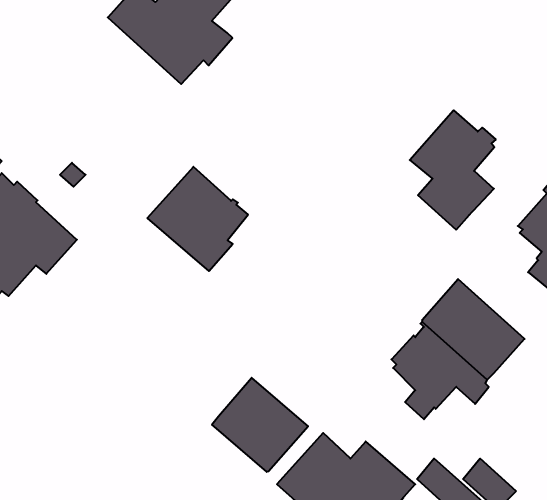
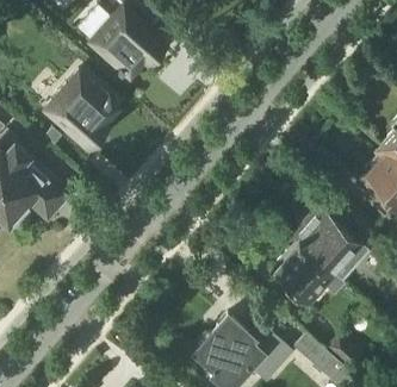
building: [410,110,496,230] -> none
building: [147,167,248,271] -> [46,73,117,145]
building: [212,378,308,472] -> none

